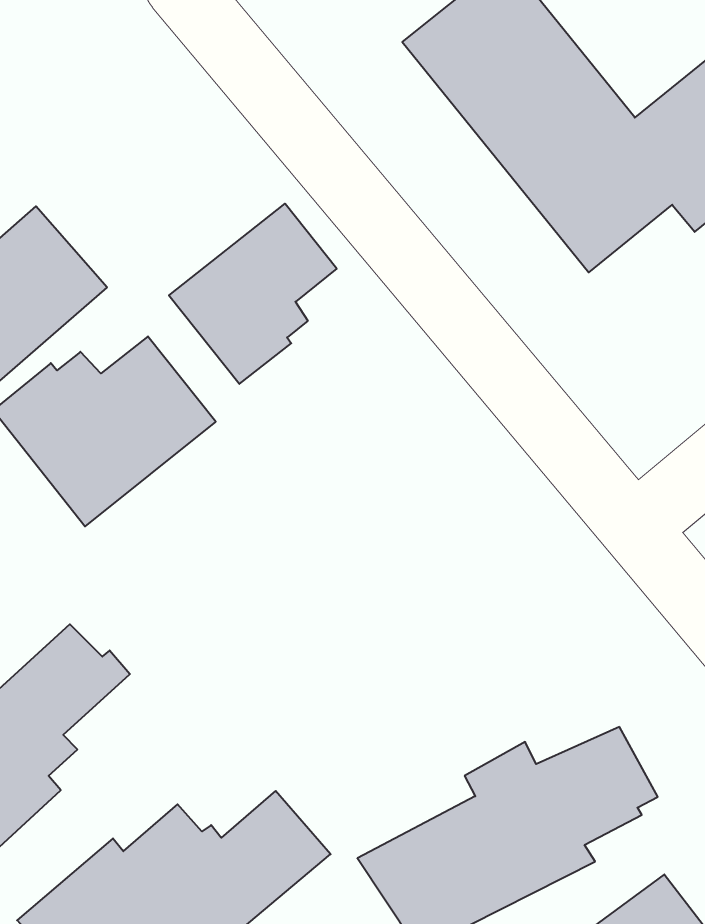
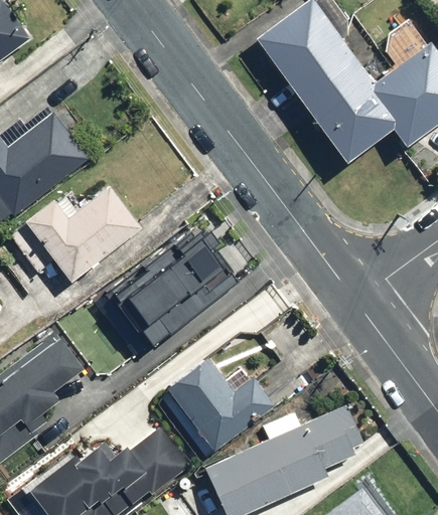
building: [169,204,337,384] -> none
building: none -> [101,224,236,351]
building: none -> [167,358,274,451]

